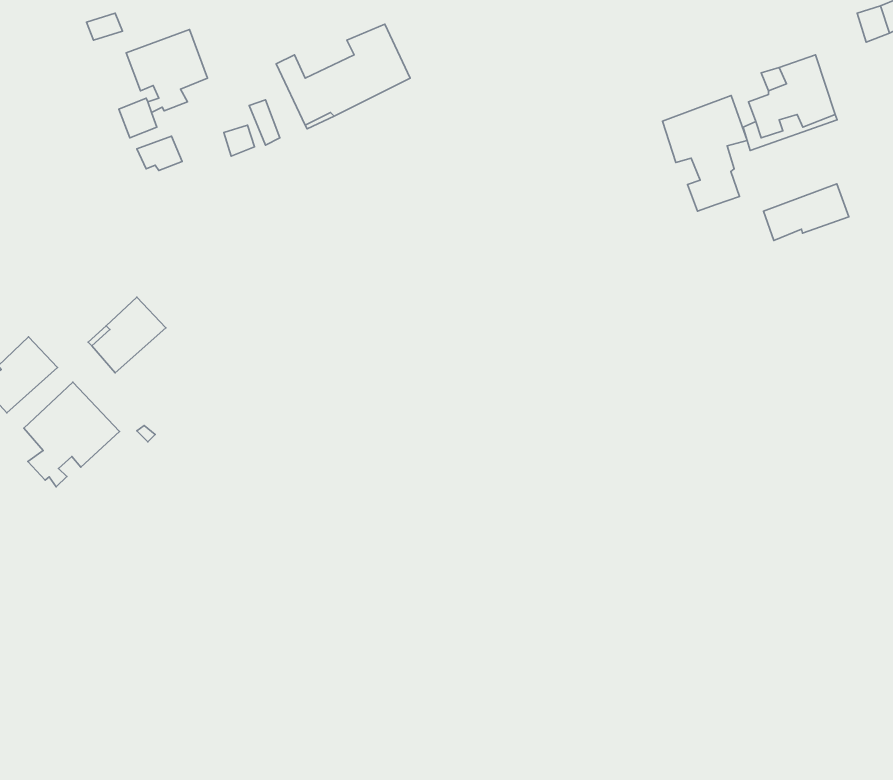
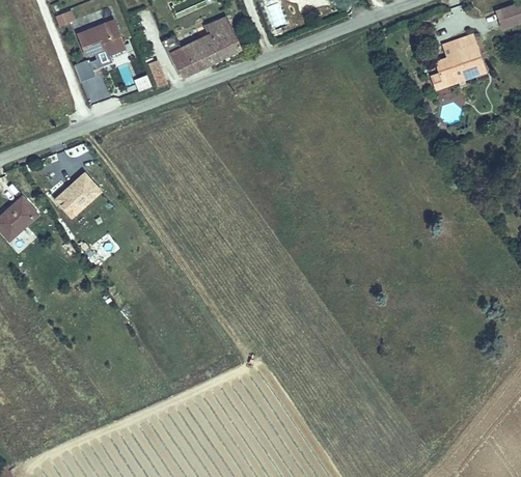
building: [663,96,747,211] -> none
building: [763,184,849,241] -> none
building: [24,382,119,487] -> none

